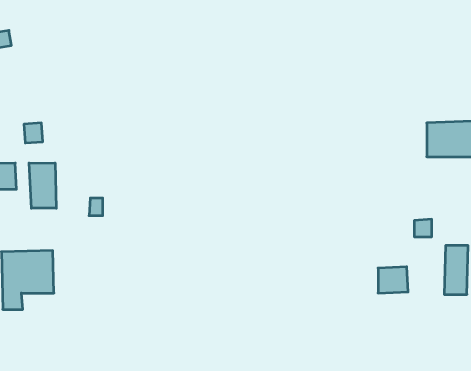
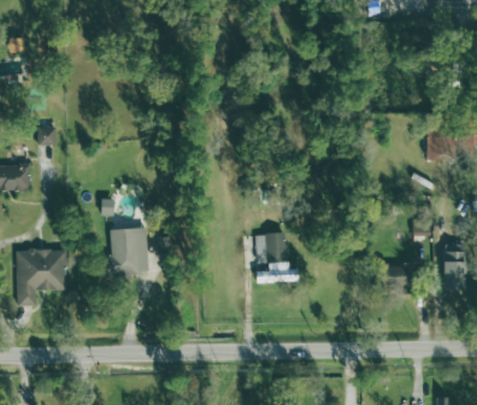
building: [29,163,56,208] -> none
building: none -> [108,228,148,276]
building: none -> [255,234,298,283]

